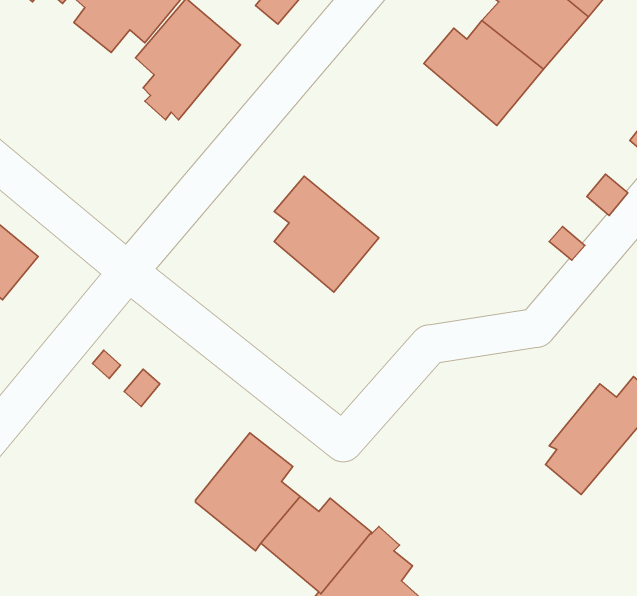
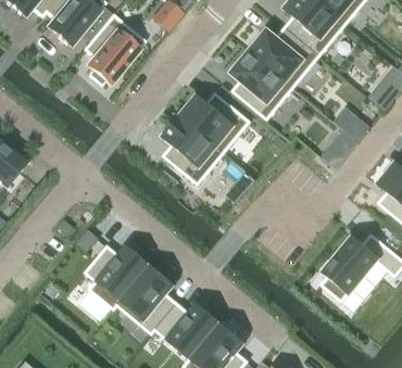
building: none -> [230,51,292,118]
building: none -> [180,91,250,152]
building: none -> [85,244,149,308]

